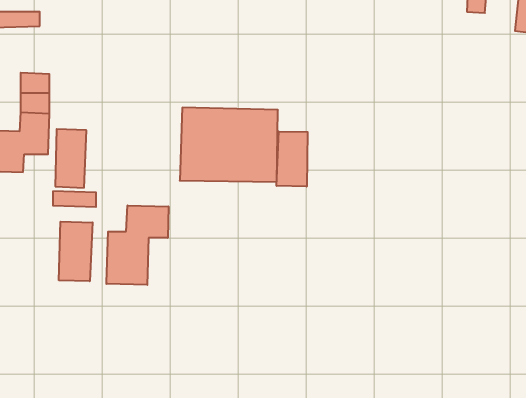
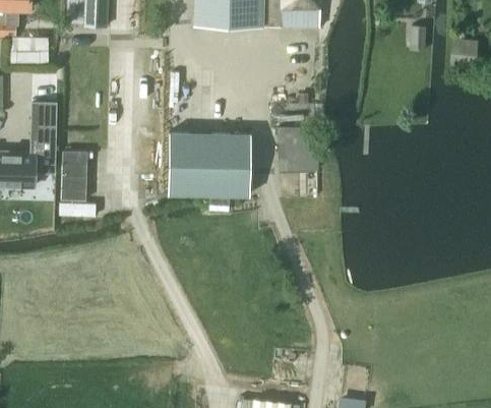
building: [277,131,308,187] -> none
building: [106,205,168,285] -> none
building: [59,222,93,281] -> none

